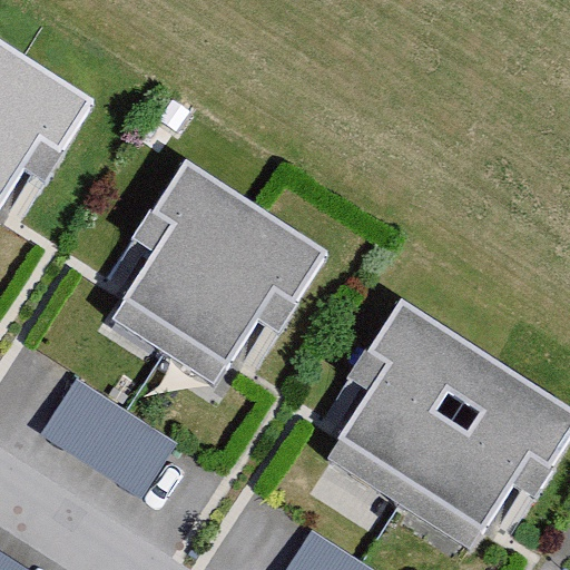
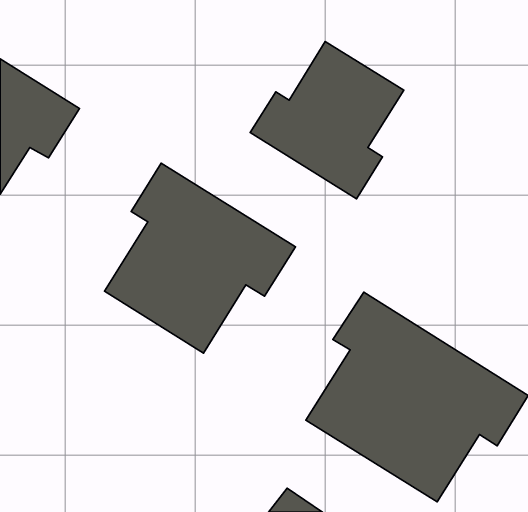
building: none -> [250,42,404,199]
building: [42,373,167,485] -> none

